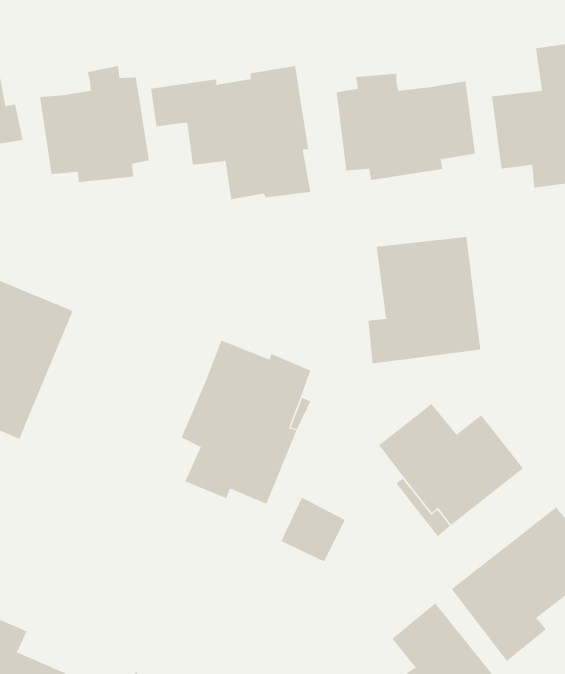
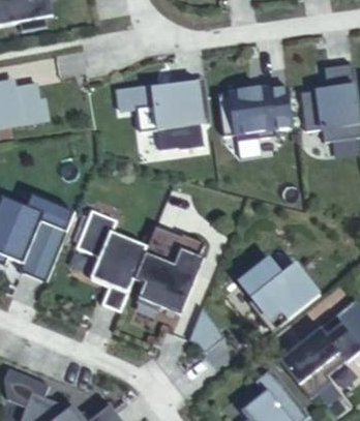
building: [39,65,149,183] -> none
building: [368,236,481,364] -> none
building: none -> [79,212,146,311]

